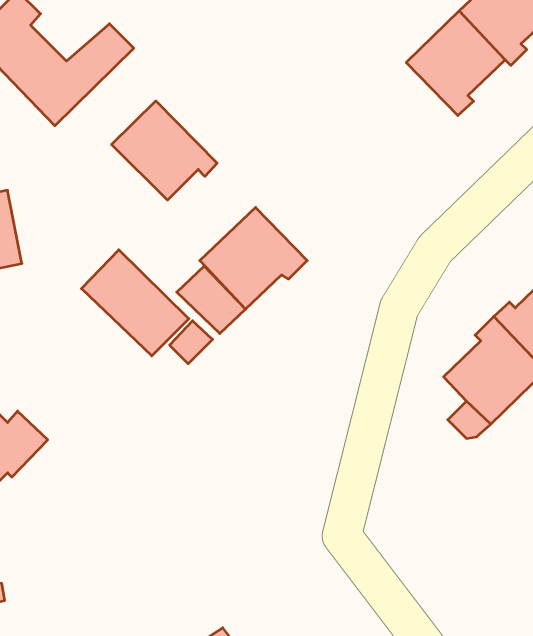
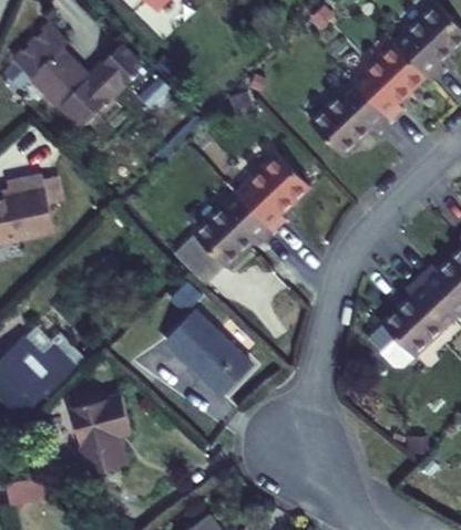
building: none -> [309,79,391,157]
building: [112,101,217,200] -> none
building: none -> [235,150,311,231]
building: [81,250,189,356] -> [167,311,250,393]
building: none -> [73,393,131,474]

